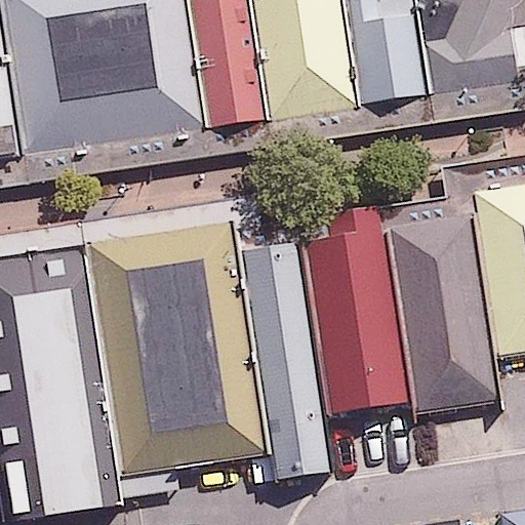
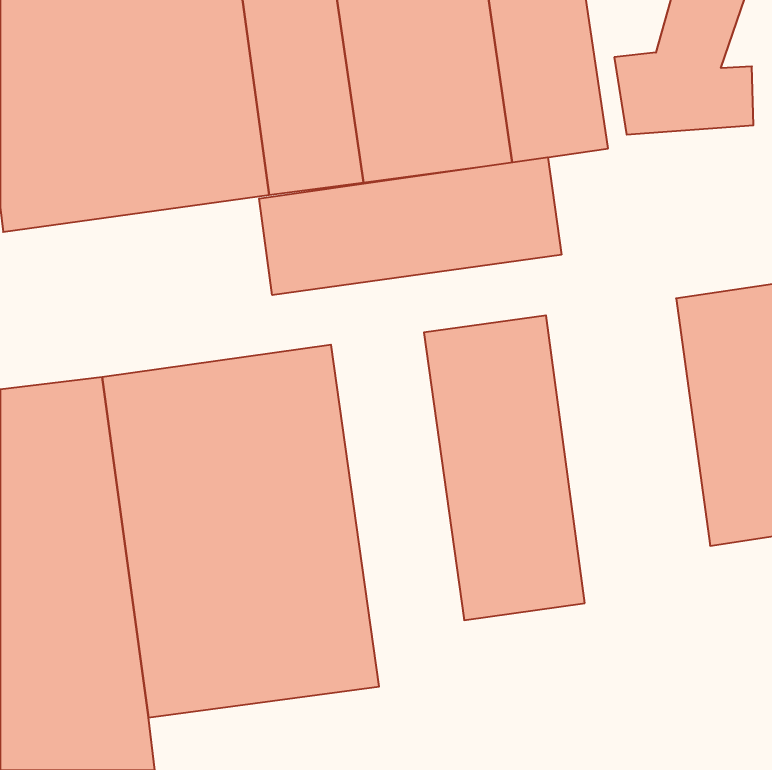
building: none -> [259,157,561,295]
building: [374,198,488,411] -> none
building: [232,220,327,472] -> none

